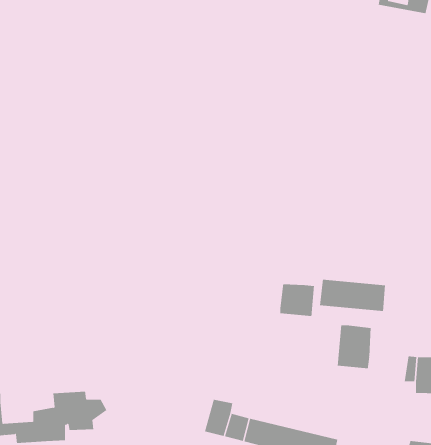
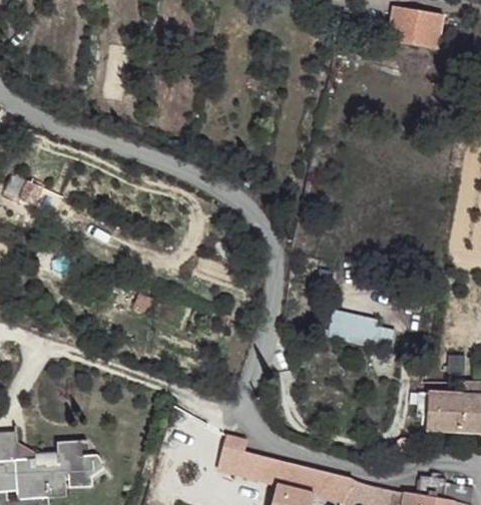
building: [280,284,315,317] -> none
building: [337,324,371,369] -> none

